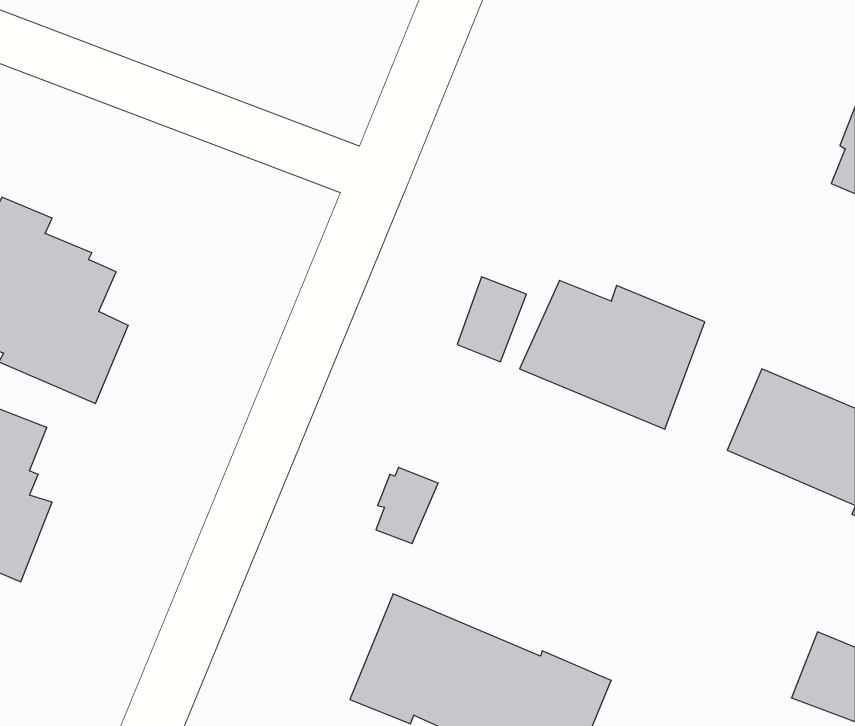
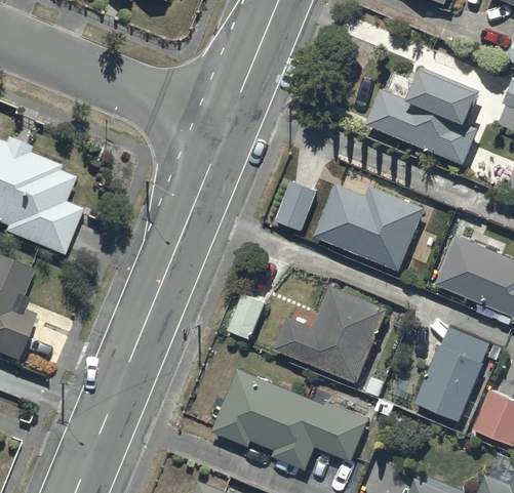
building: none -> [365,61,478,165]
building: none -> [274,285,387,382]
building: none -> [414,327,502,420]

